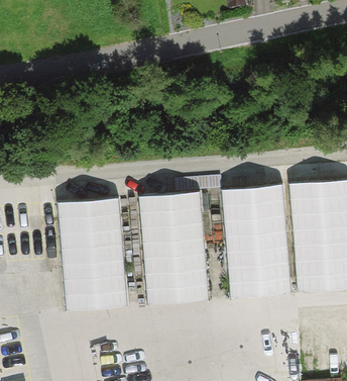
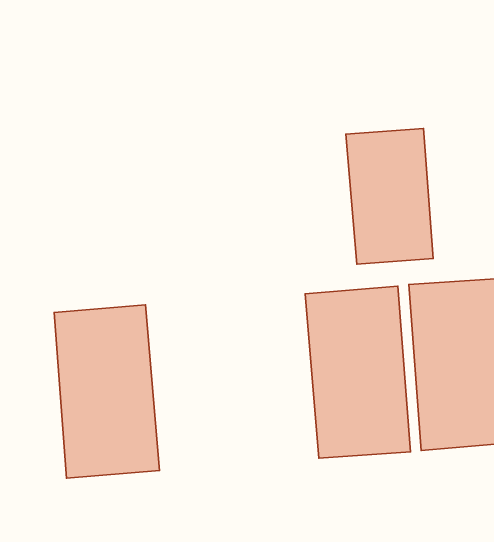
building: none -> [346,128,433,264]
building: [139,194,208,307] -> none

